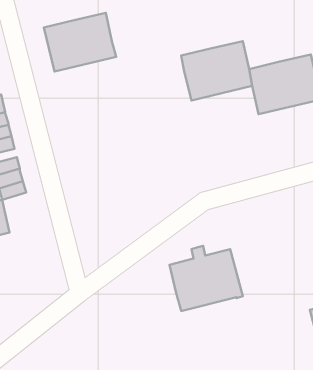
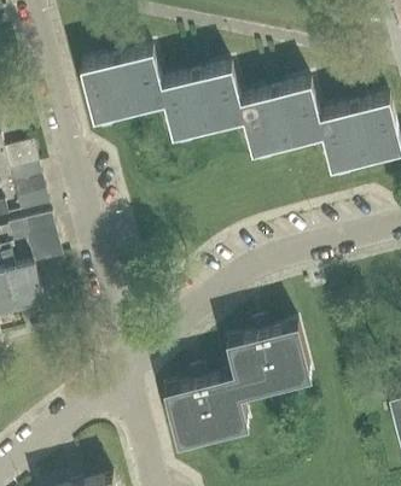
building: none -> [162,68,245,136]
building: none -> [165,369,251,445]

